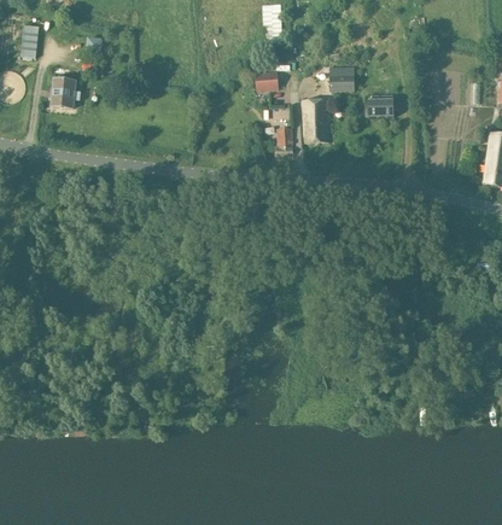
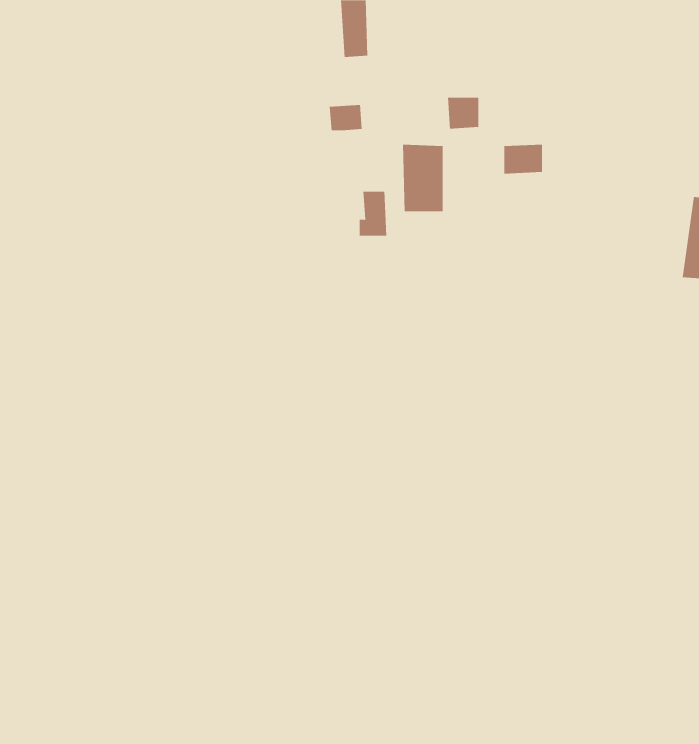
building: [51,77,76,107] -> none

